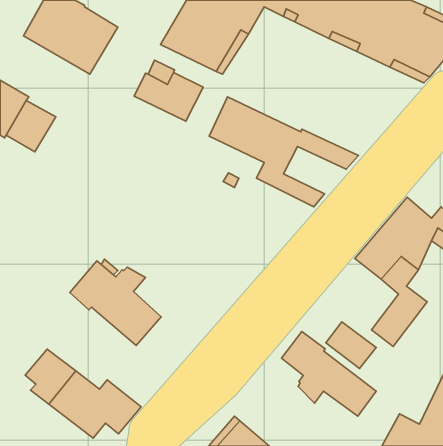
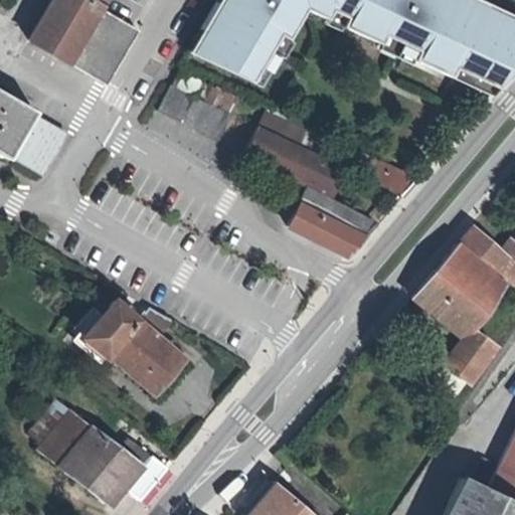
building: none -> [289,205,365,256]
building: [326,322,376,369] -> none
building: [281,331,376,416] -> none

